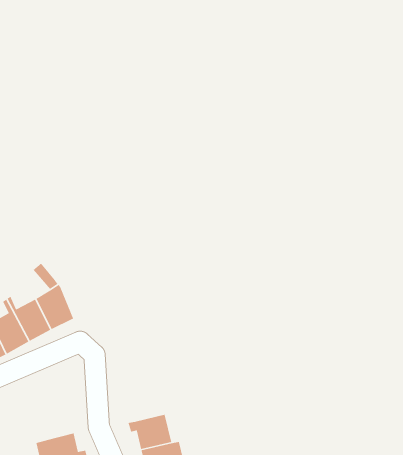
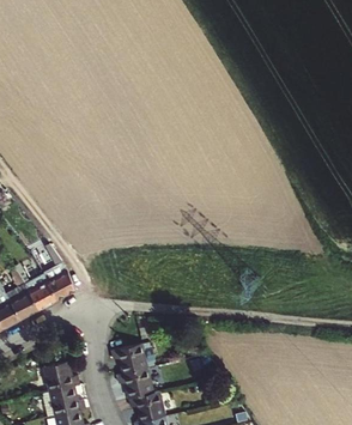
building: none -> [111,341,156,375]
building: none -> [43,359,79,390]

